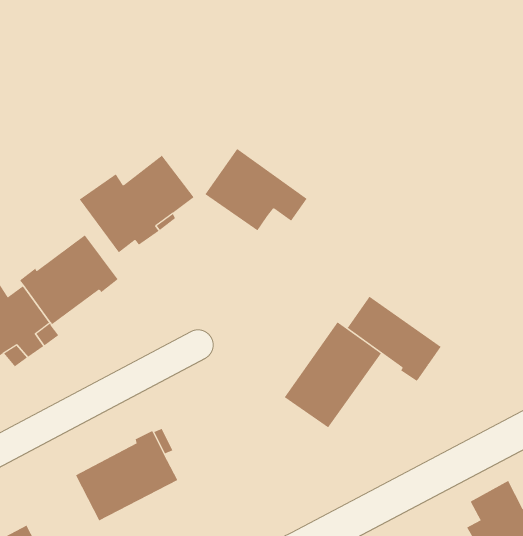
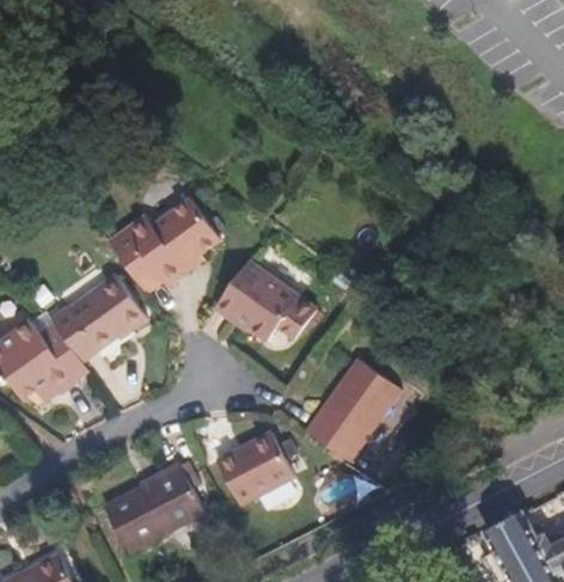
building: [204,148,307,231] -> [216,261,315,341]
building: [347,296,442,382] -> none
building: none -> [217,431,295,504]

